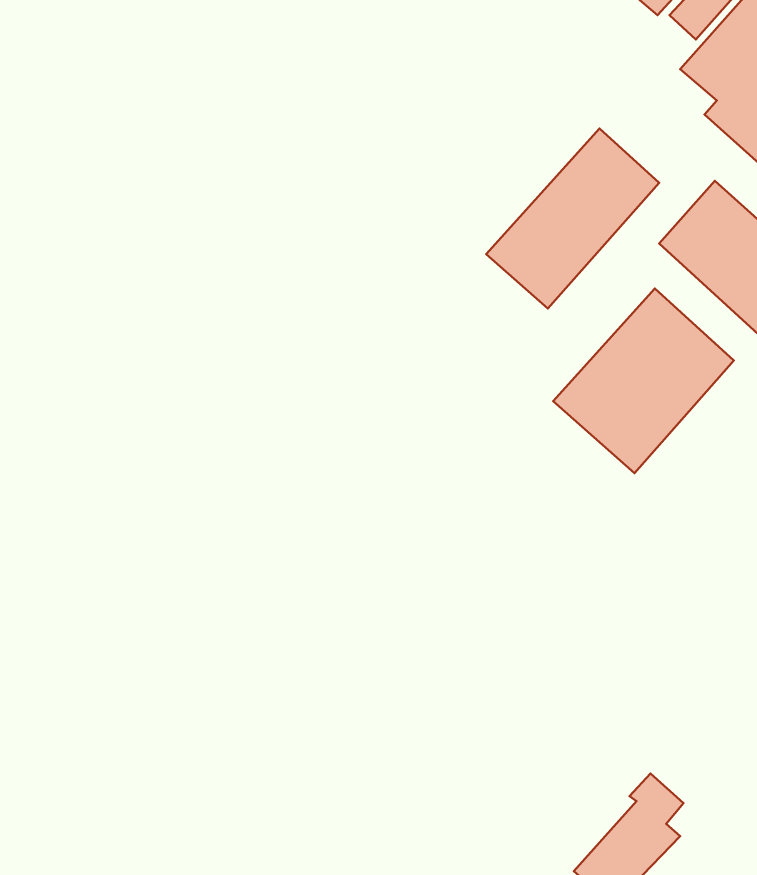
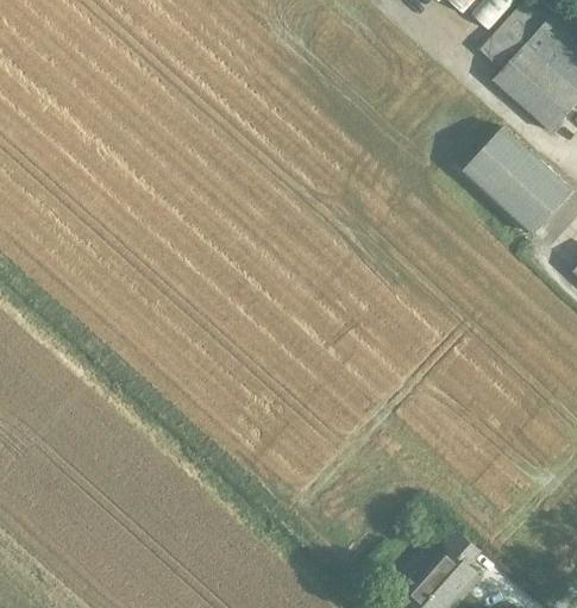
building: [486,128,659,308] -> none
building: [553,289,734,473] -> none

